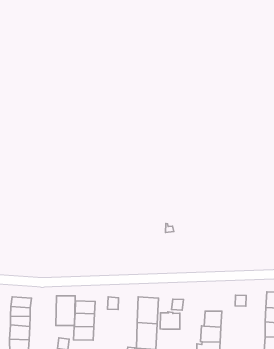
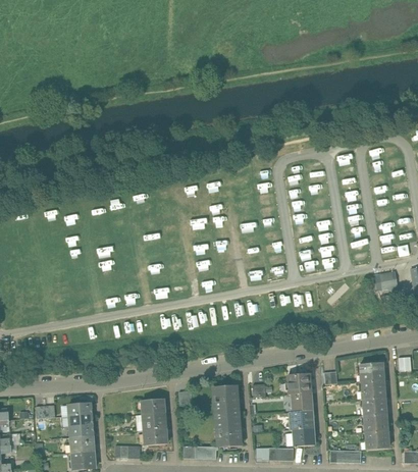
building: [56,296,75,326] -> none
building: [160,312,180,329] -> [286,374,311,395]

